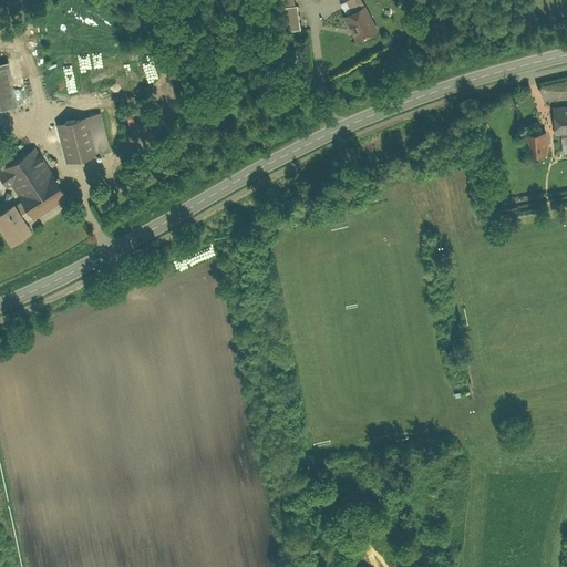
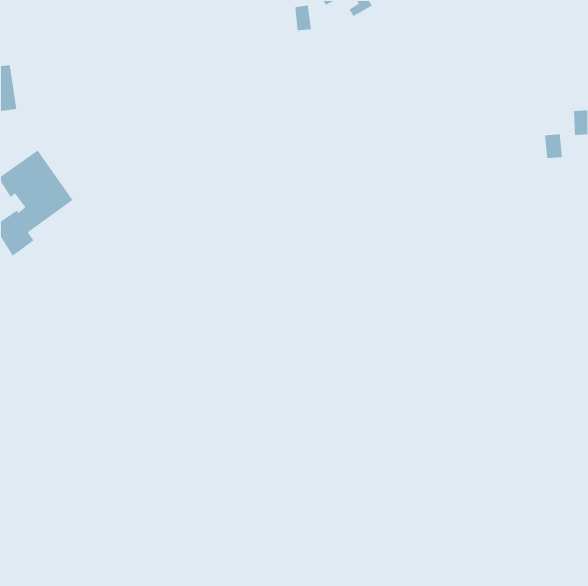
building: [342,8,380,48] -> none
building: [53,115,106,164] -> none

